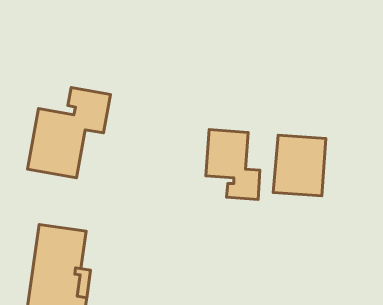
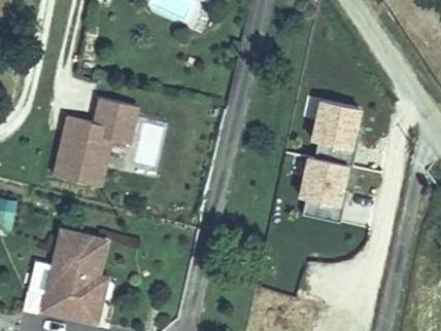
building: none -> [303,98,359,153]
building: [206,129,260,200] -> none

